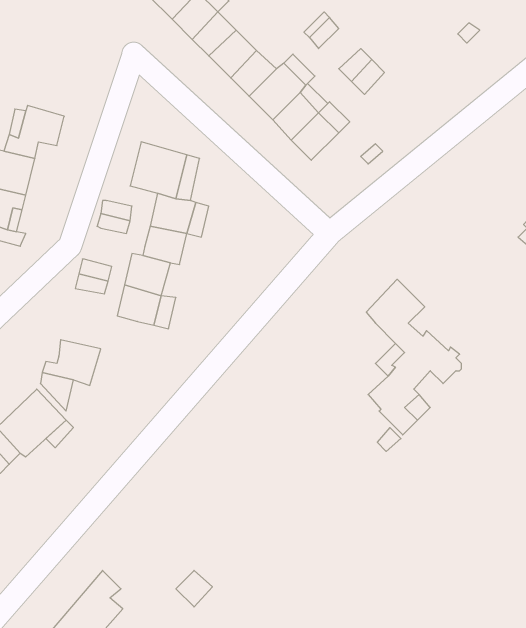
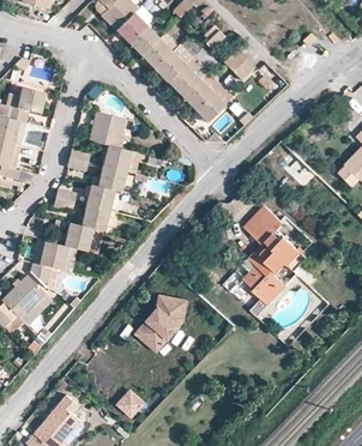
building: none -> [42,222,92,252]
building: none -> [135,297,183,351]

